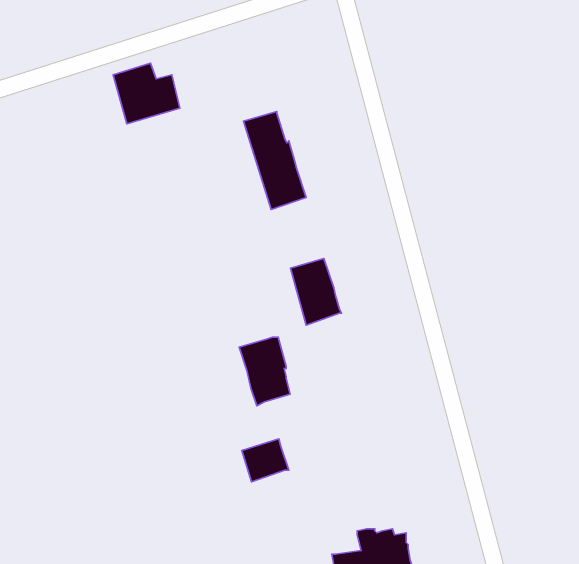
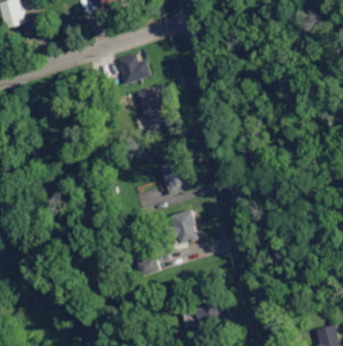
building: [113,63,180,124] -> [117,53,151,84]
building: [239,337,290,406] -> [171,210,197,245]

